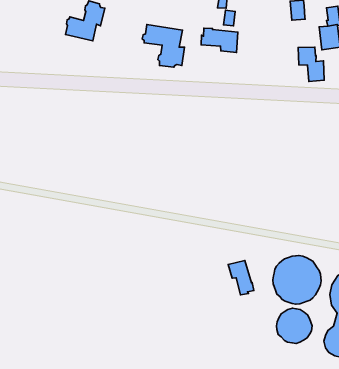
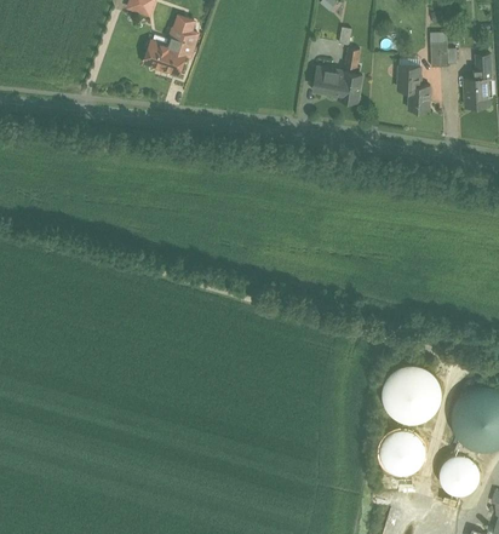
building: [142,25,185,67] -> none
building: [298,47,324,81] -> [397,67,429,110]
building: [228,260,254,295] -> none

